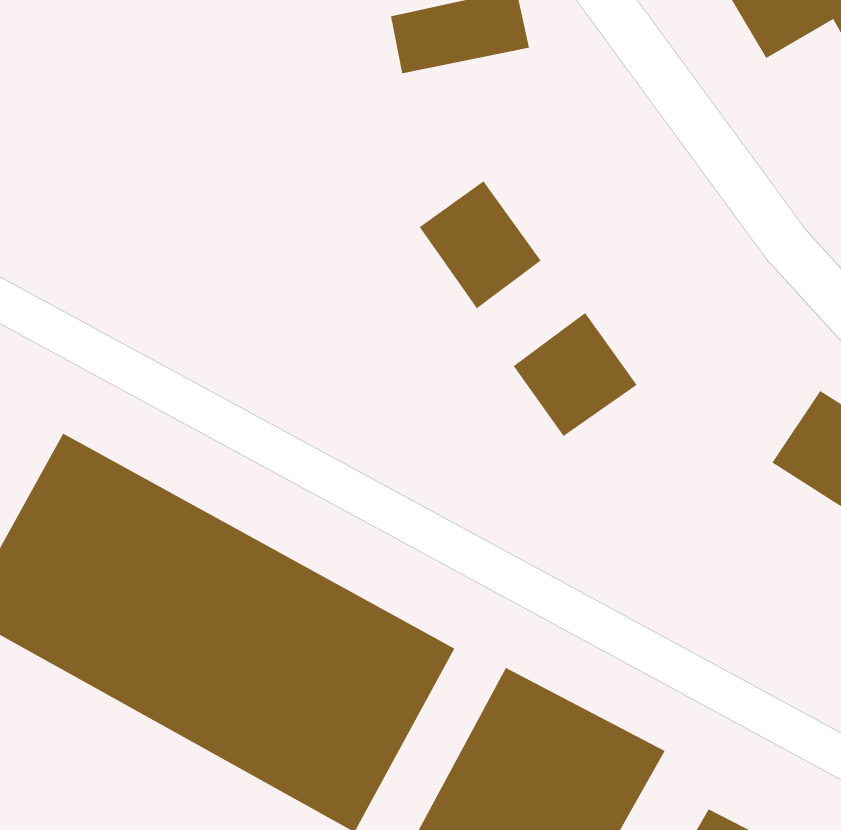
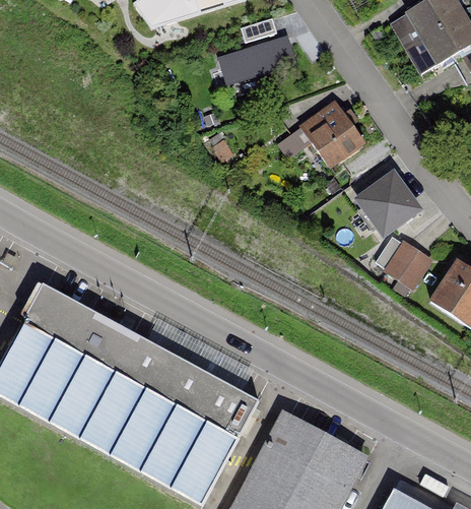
building: [419,181,542,309] -> [300,101,367,171]
building: [513,312,638,437] -> [355,170,423,238]
building: none -> [386,243,433,291]

